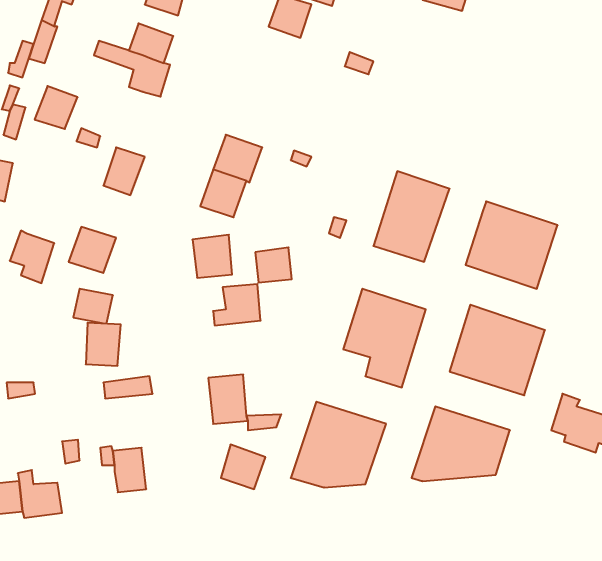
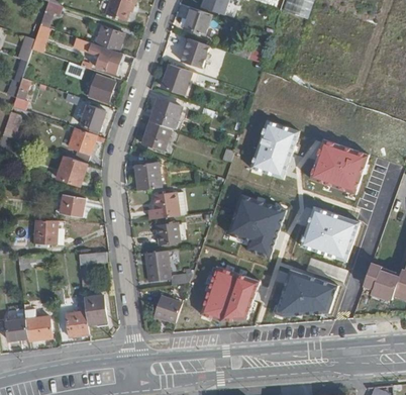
building: none -> [182,38,210,69]
building: none -> [162,63,192,94]
building: [35,86,78,129] -> [88,75,115,102]
building: [10,231,54,283] -> [68,127,96,161]
building: [255,247,292,282] -> [158,221,181,243]
building: [86,323,121,366] -> [34,220,57,248]
building: none -> [67,311,89,336]

